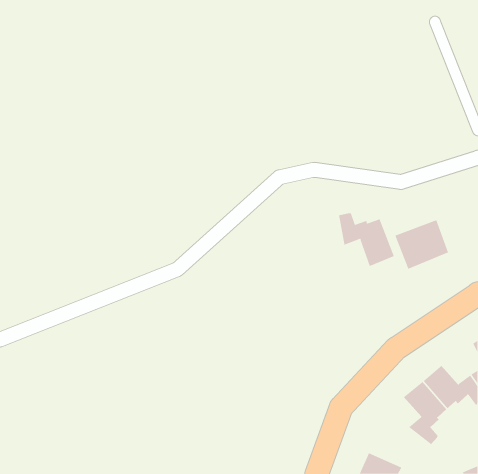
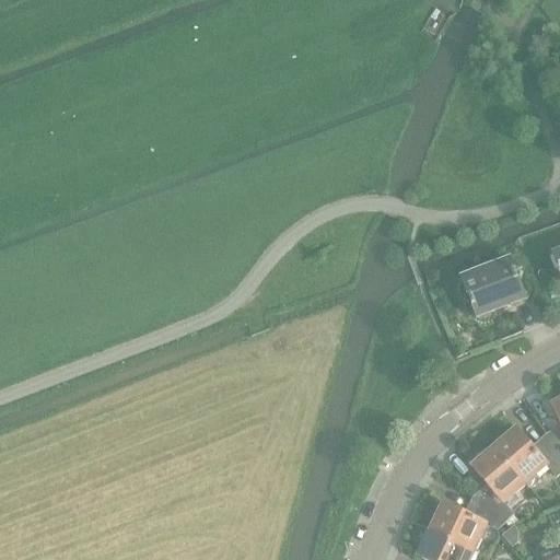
building: [338,212,394,267] -> none
building: none -> [430,498,503,545]

